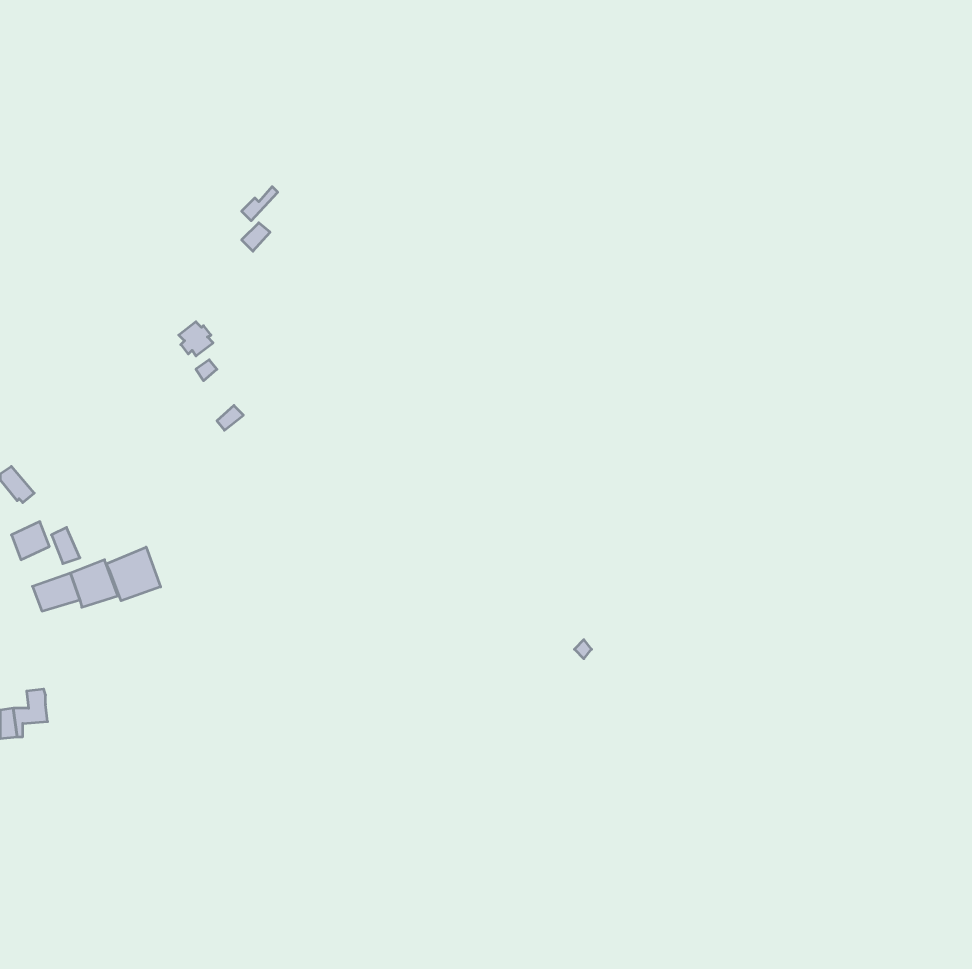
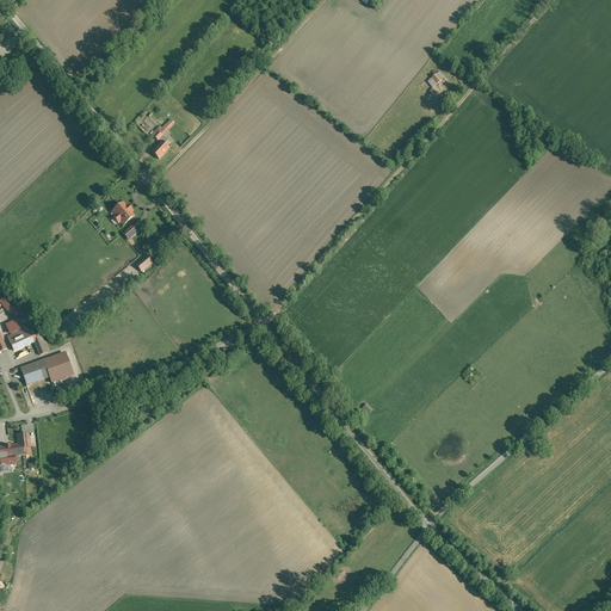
building: [106,547,161,601] -> none

